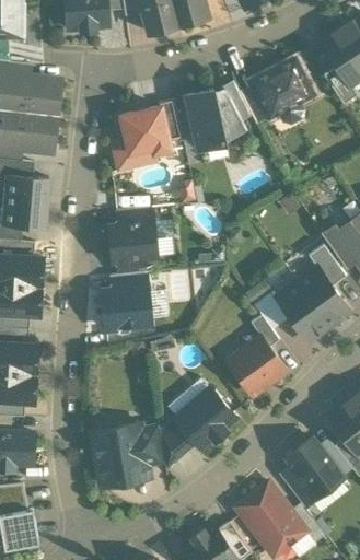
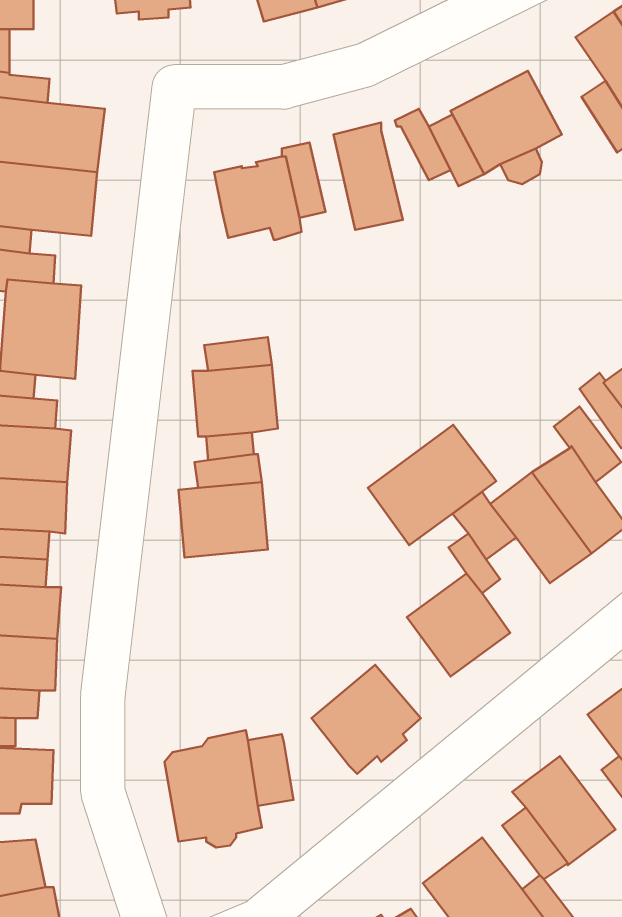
building: [213,91,244,140] -> none
building: [112,138,158,171] -> none
building: none -> [368,425,496,545]
building: [160,417,196,469] -> none

